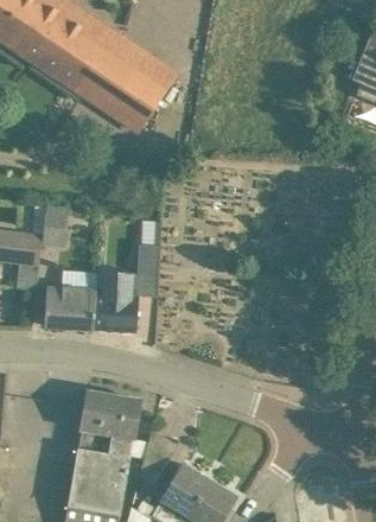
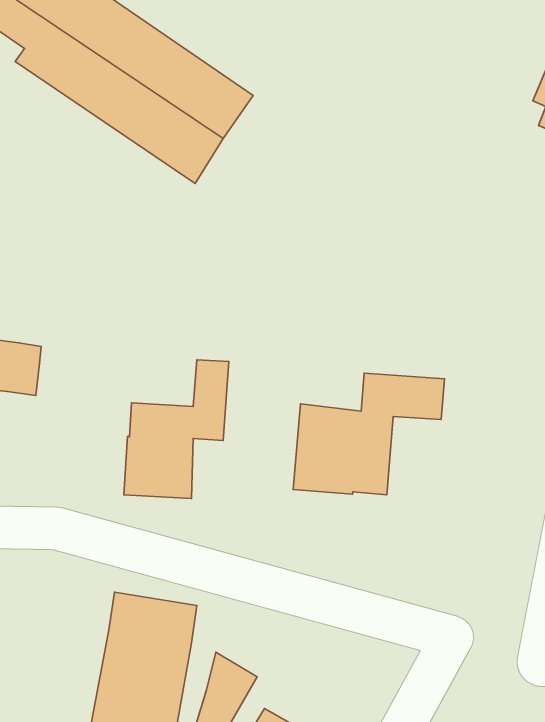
building: [39,204,68,248] -> none
building: none -> [293,373,444,495]
building: [44,286,95,329] -> none

